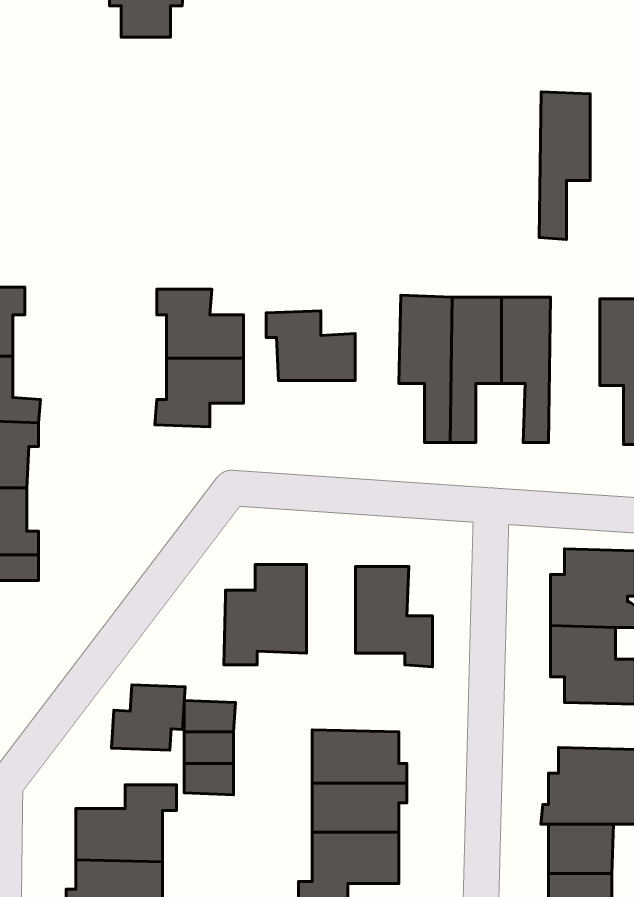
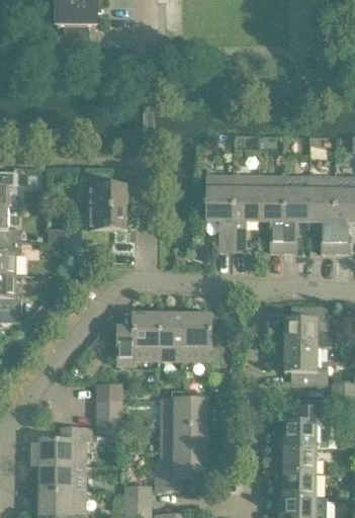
building: [539,92,590,240] -> [283,176,309,252]
building: [266,311,355,380] -> none
building: none -> [158,309,184,359]
building: [111,685,185,750] -> none

